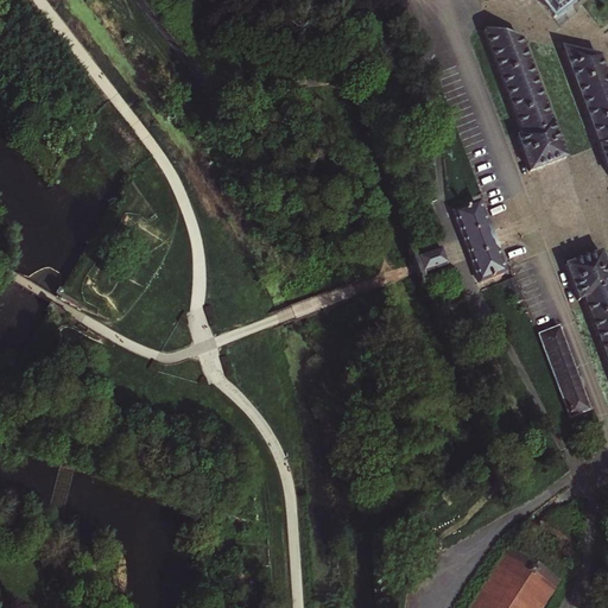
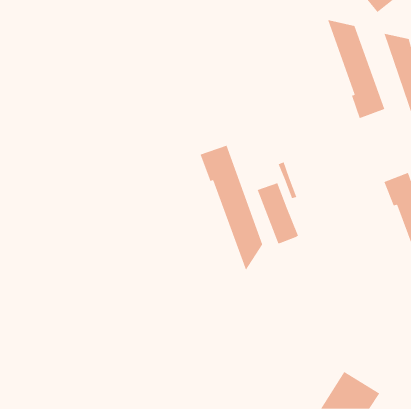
building: [449,200,511,290] -> [257,183,299,244]
building: none -> [200,145,263,271]
building: [542,322,594,416] -> none

